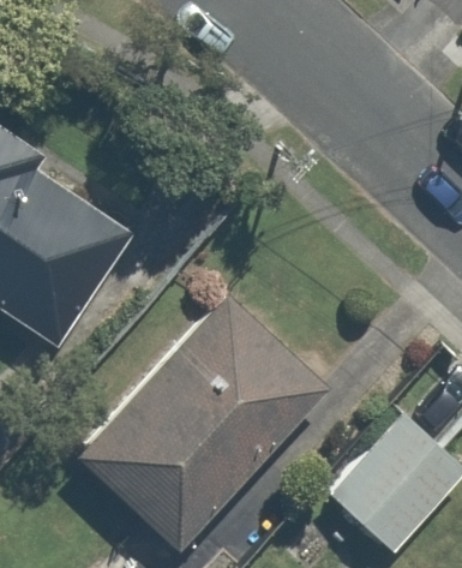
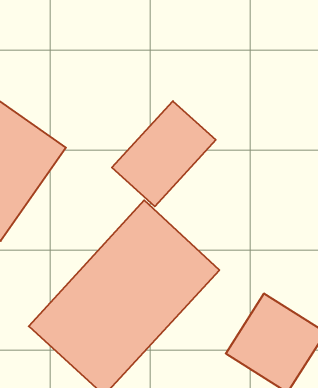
building: none -> [112,101,216,206]

